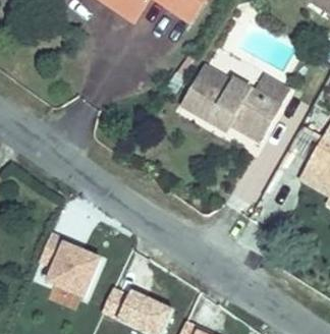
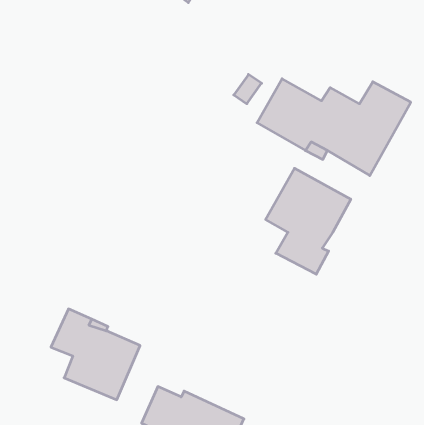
building: none -> [266,168,351,274]

